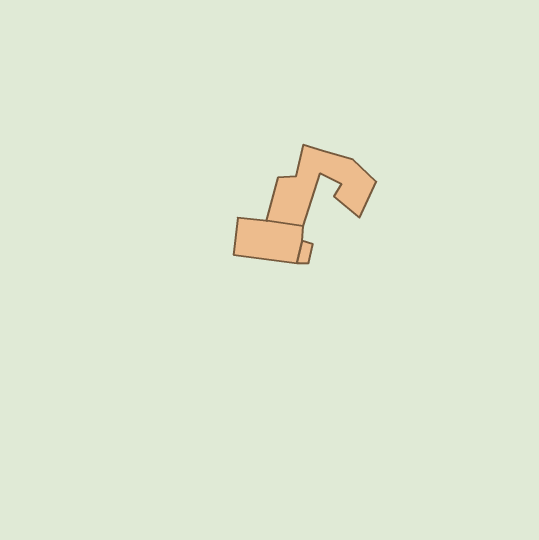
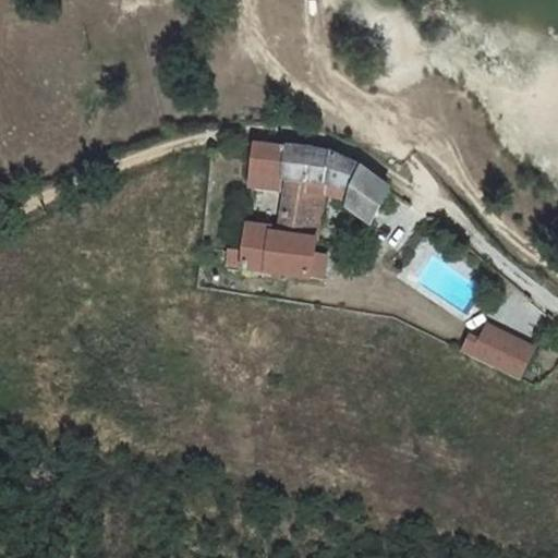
building: none -> [250,140,313,183]
building: none -> [461,323,535,379]

